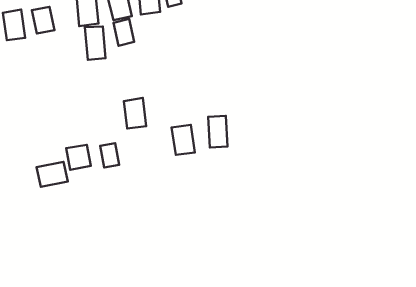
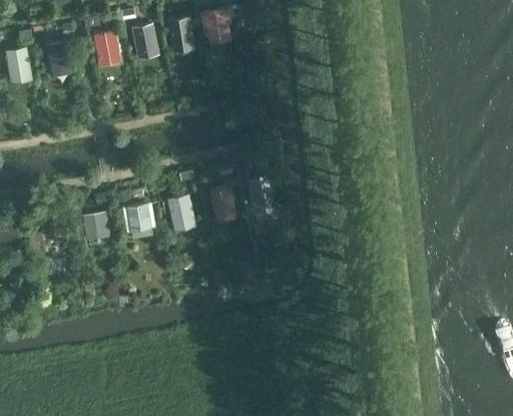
building: [114,19,134,46] -> none
building: [85,26,106,60] -> none
building: [124,98,146,129] -> [169,193,196,231]
building: [36,162,68,187] -> none

